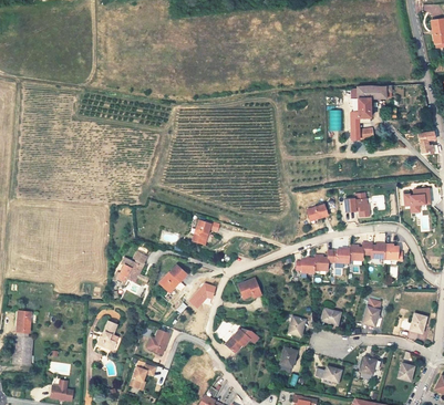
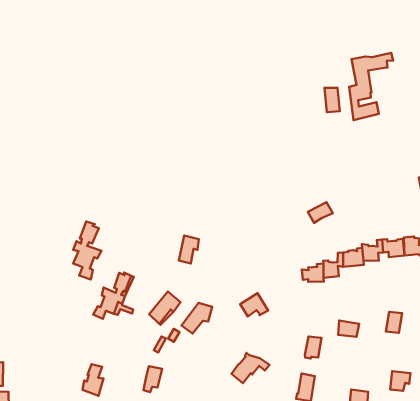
building: [343,191,370,216] -> none
building: none -> [73,222,102,279]

